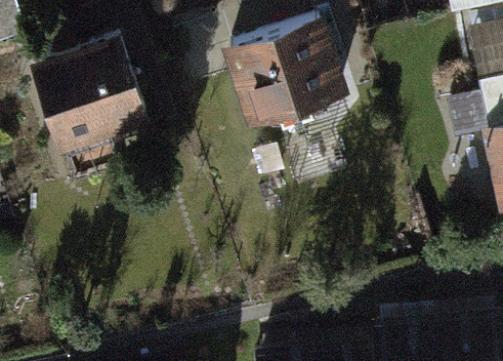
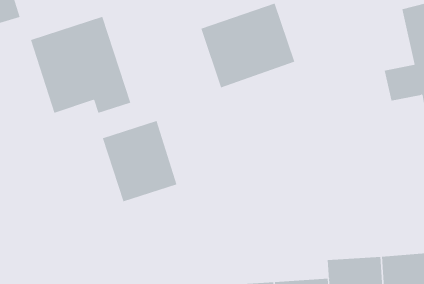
building: none -> [102,120,177,202]

